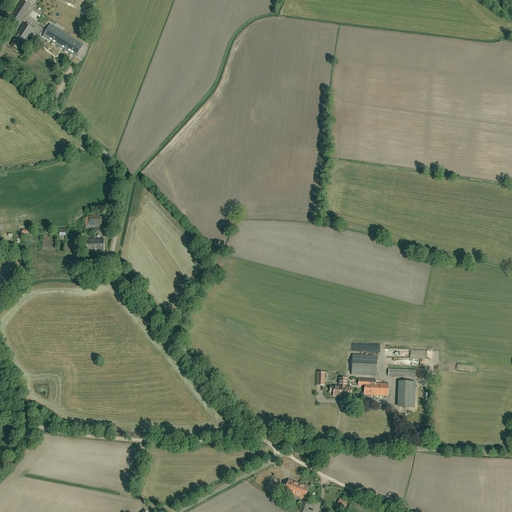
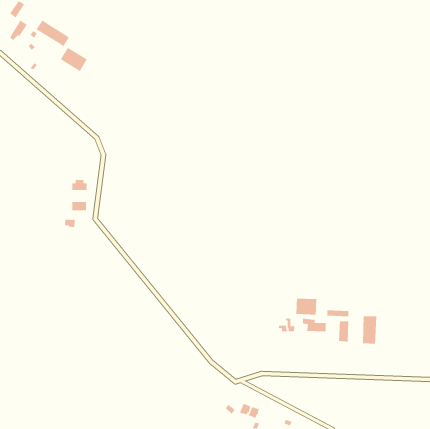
building: none -> [60,47,88,72]
building: none -> [362,316,377,345]

